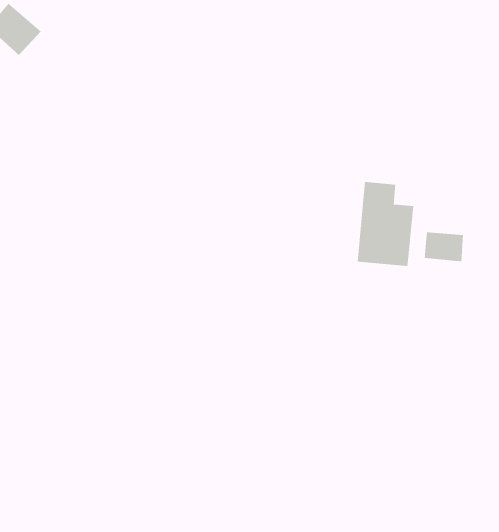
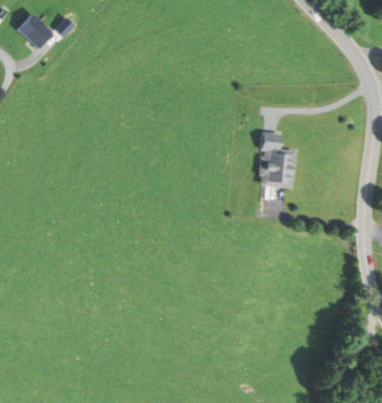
building: [424,232,463,262] -> none

